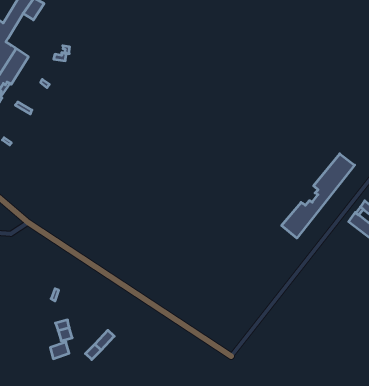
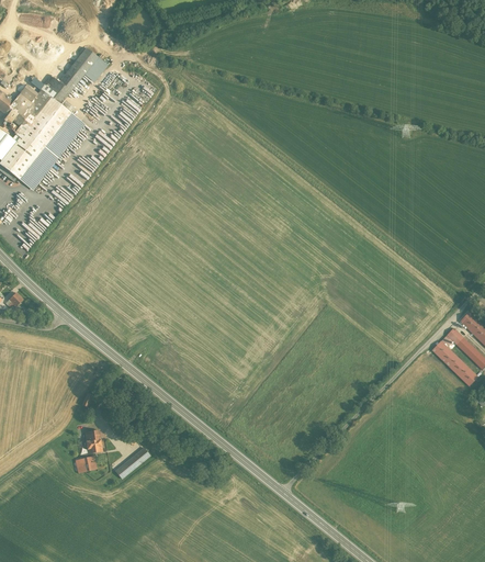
building: [282,154,355,238] -> none

